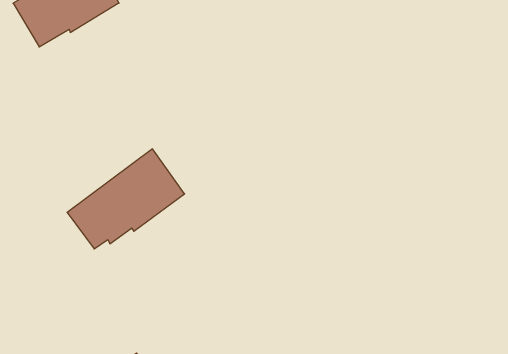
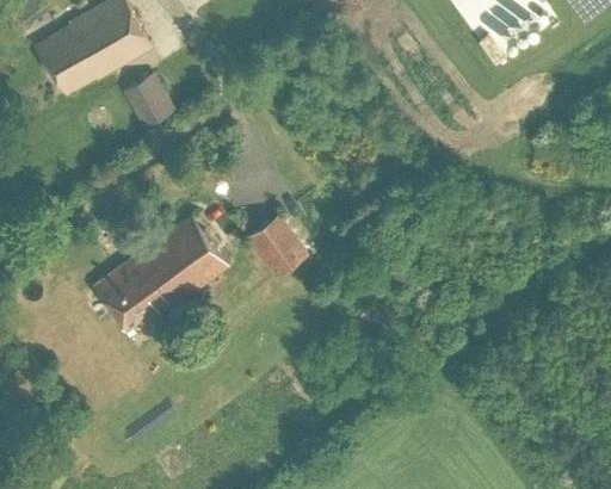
building: none -> [122,73,174,128]
building: none -> [247,215,309,278]

